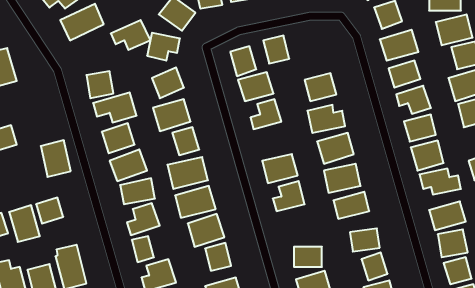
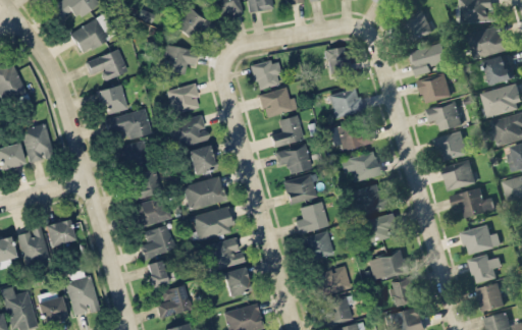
building: [111,20,150,50] -> [86,49,127,80]
building: [263,36,289,64] -> [323,46,351,75]
building: none -> [276,145,312,174]
building: [41,140,71,177] -> [21,123,53,162]
building: none -> [301,230,334,261]

